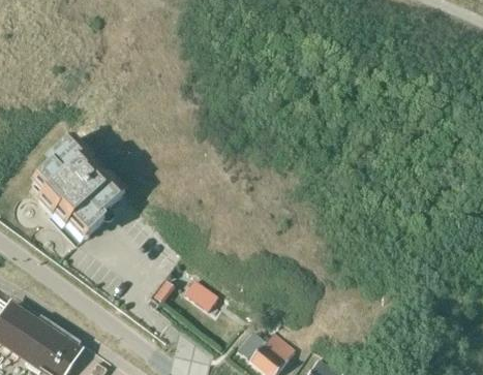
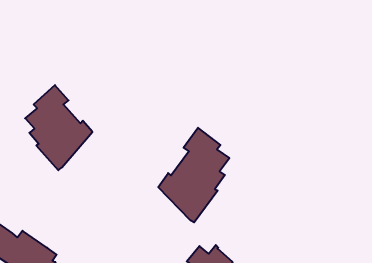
building: none -> [158,128,229,222]
building: [184,280,218,312] -> none

